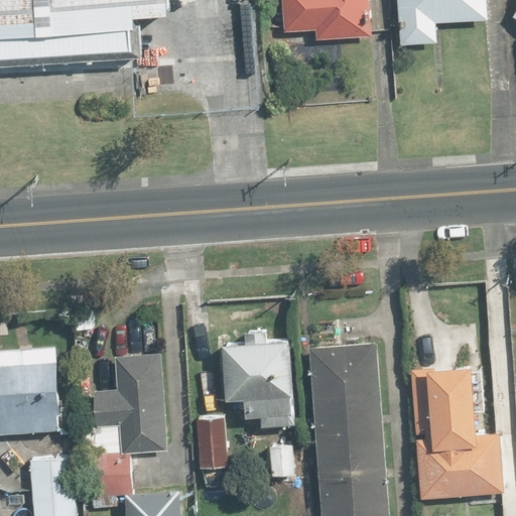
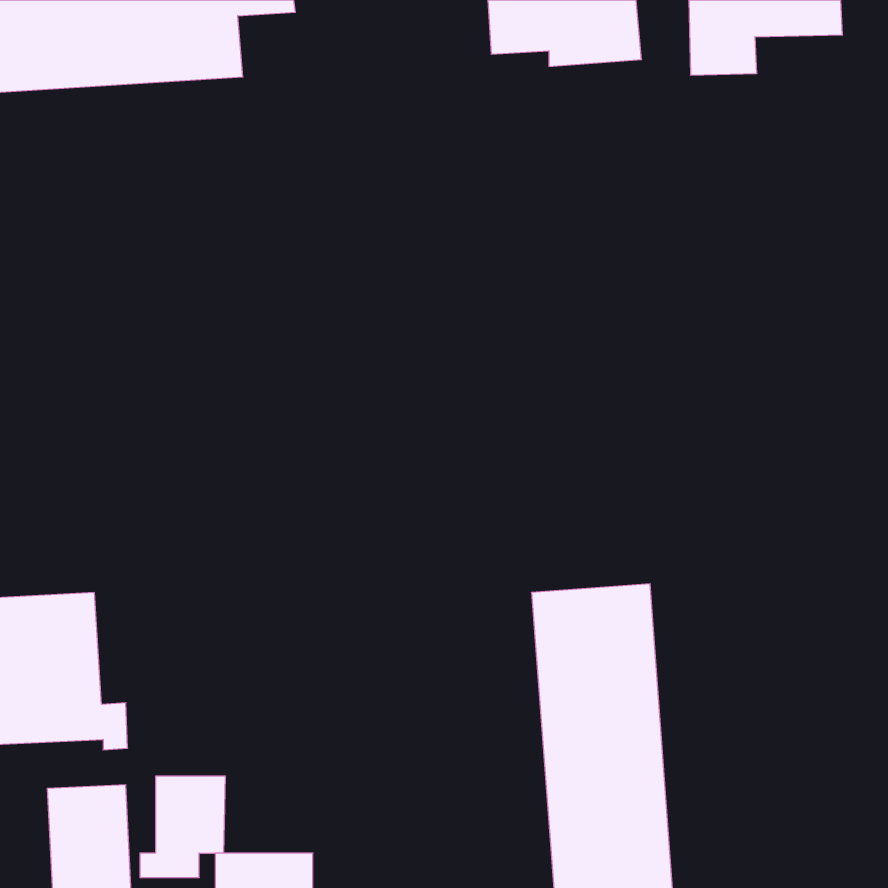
building: [222,330,290,424] -> none
building: [93,354,162,450] -> none
building: [413,365,502,498] -> none
building: [196,417,226,469] -> none

